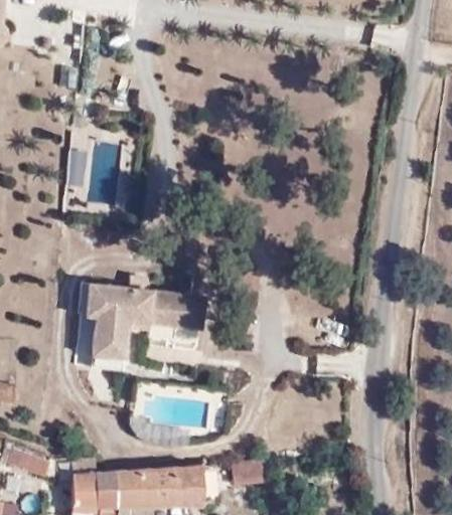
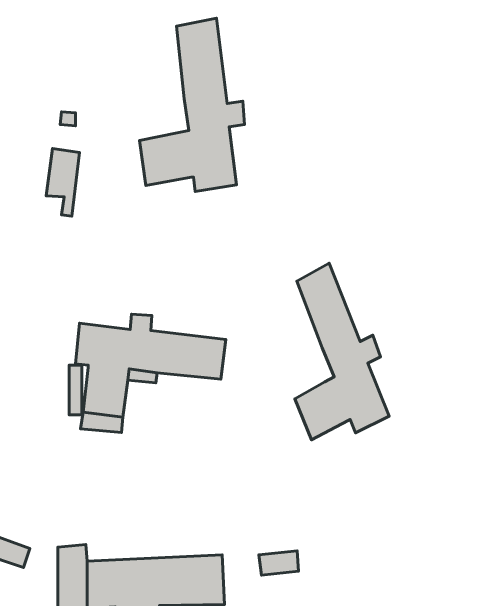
building: none -> [140,18,245,192]
building: none -> [295,263,389,440]

